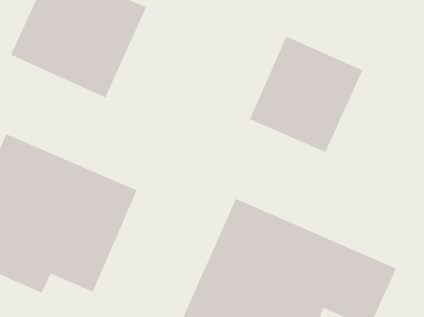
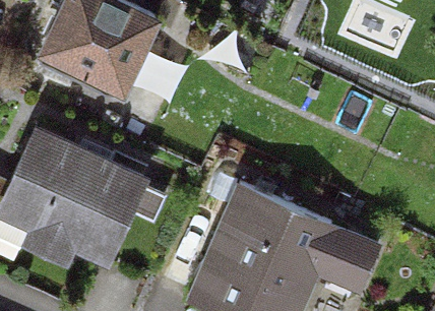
building: [249,36,363,153] -> none

